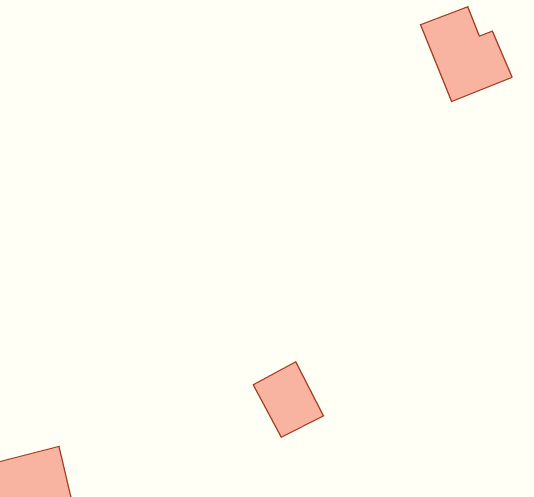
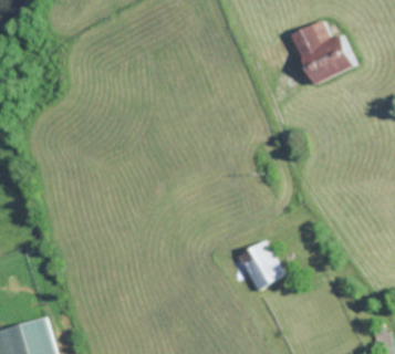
building: [253,362,324,437] -> [238,239,285,290]

